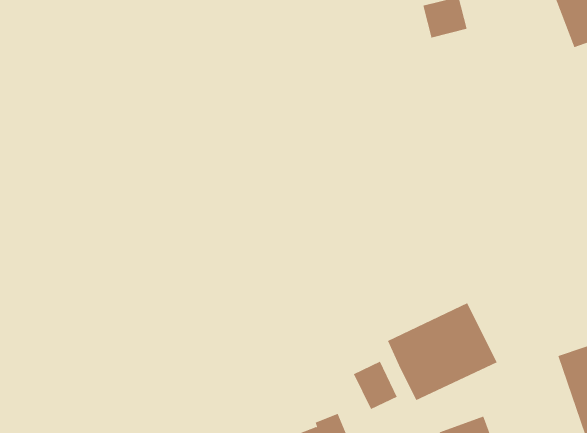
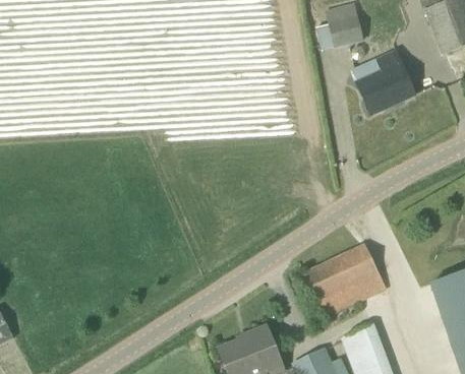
building: none -> [357,48,415,113]
building: [353,361,398,410] -> none

